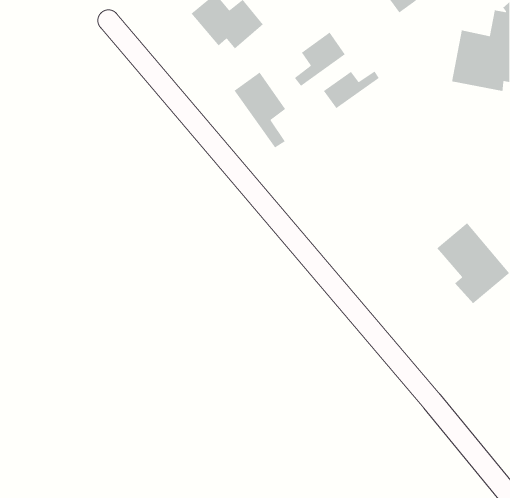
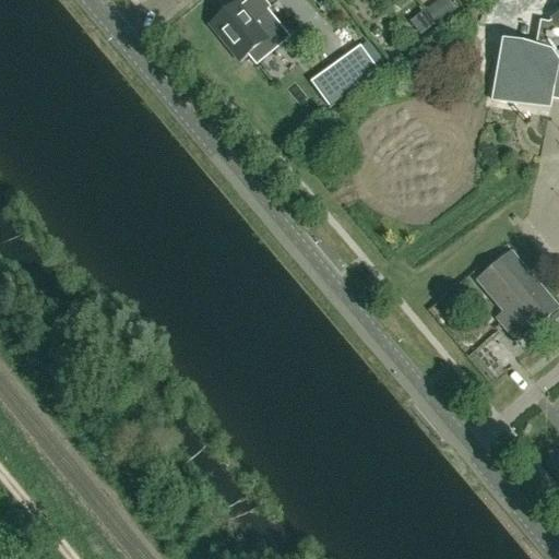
building: [323,70,380,109] -> none
building: [234,72,286,148] -> none

